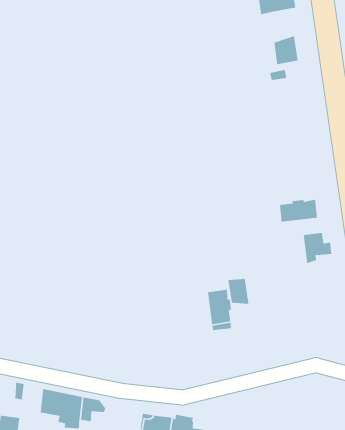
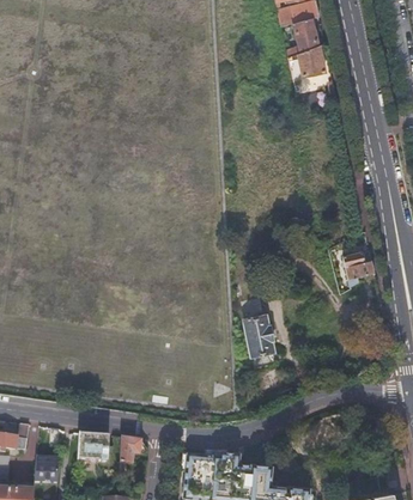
building: none -> [287,16,318,55]
building: [279,199,318,223] -> none
building: [227,278,249,305] -> none

